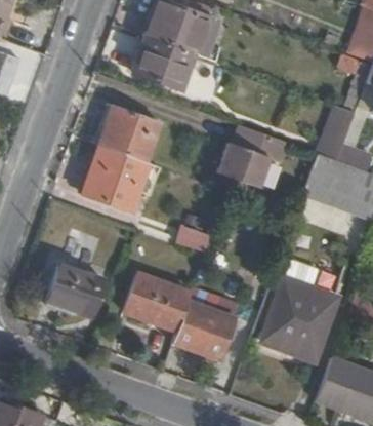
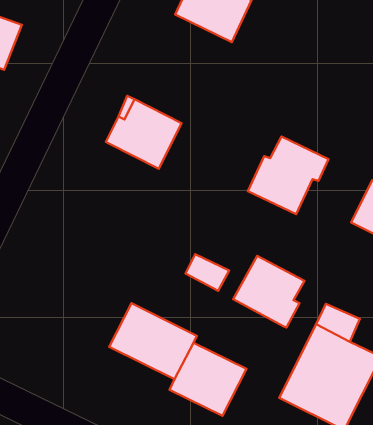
building: [131,37,193,91] -> none
building: [82,147,162,215] -> none
building: none -> [233,256,304,328]
building: [46,262,103,315] -> none

